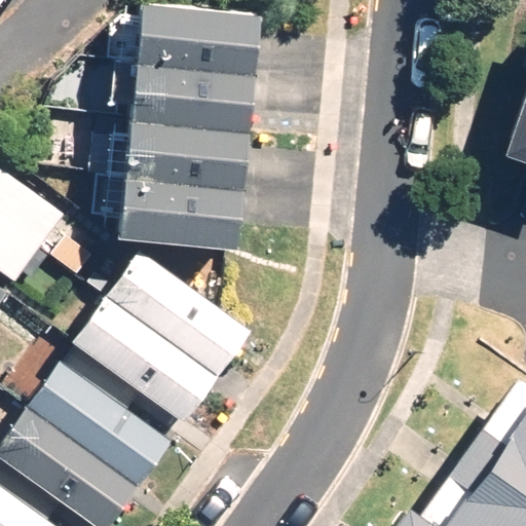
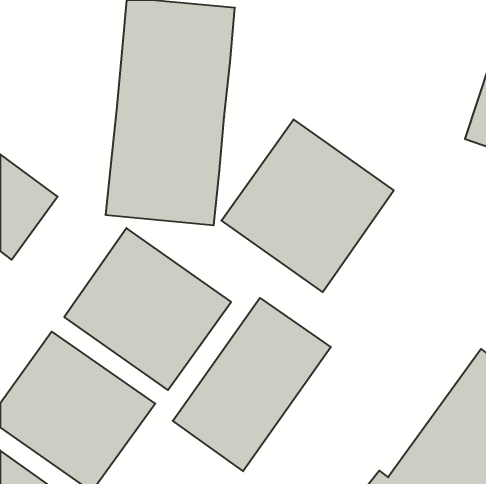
building: none -> [221,119,394,292]
building: none -> [173,298,331,471]

